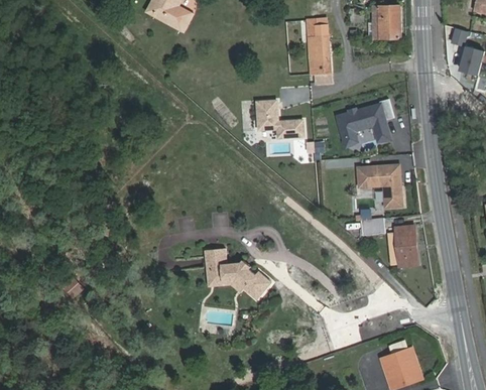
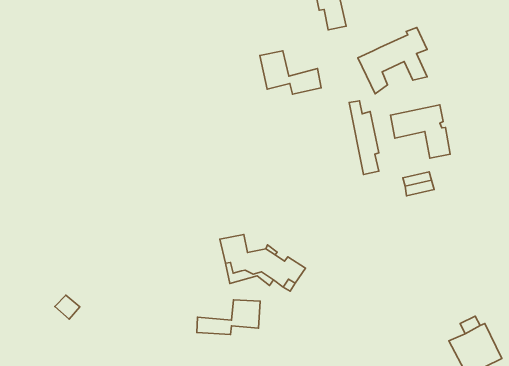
building: none -> [349,101,379,174]
building: [393,226,417,266] -> none
building: none -> [197,300,260,335]

